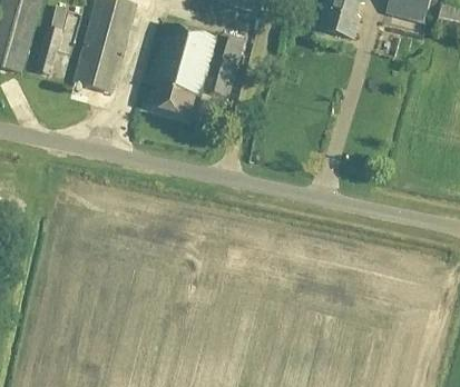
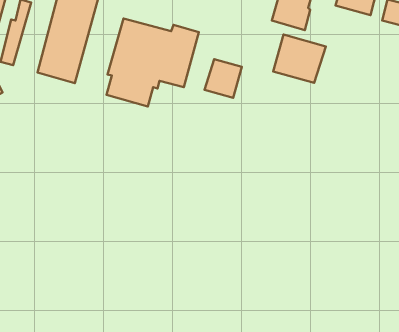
building: none -> [273,35,326,83]
building: none -> [205,59,242,98]

